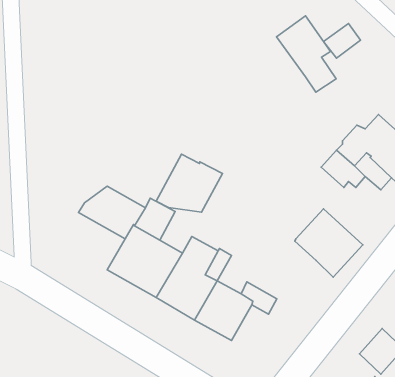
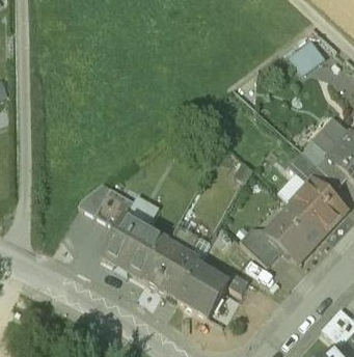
building: [276,16,336,92] -> none
building: [156,154,223,212] -> none
building: none -> [291,180,347,235]
building: none -> [240,229,284,267]

